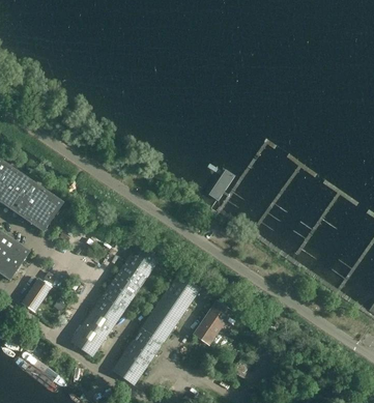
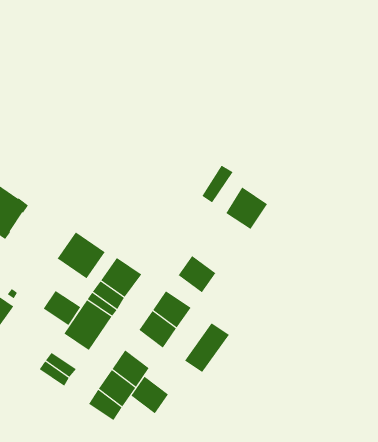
building: none -> [225,186,268,230]
building: none -> [57,231,106,279]
building: none -> [178,255,216,293]
building: [143,308,175,340] -> [131,376,169,414]
building: [81,311,113,341] -> [43,290,81,326]

